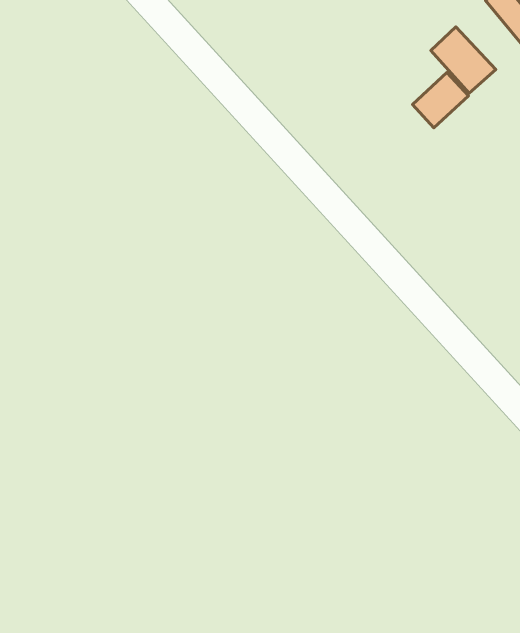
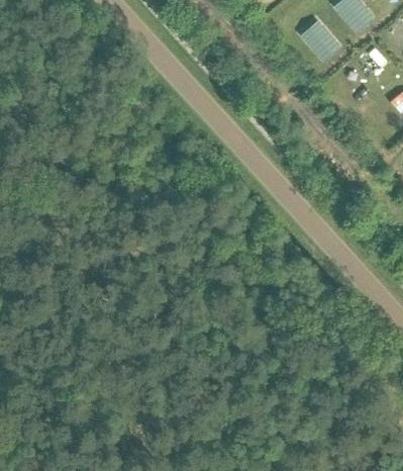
building: [413,72,468,128] -> none

